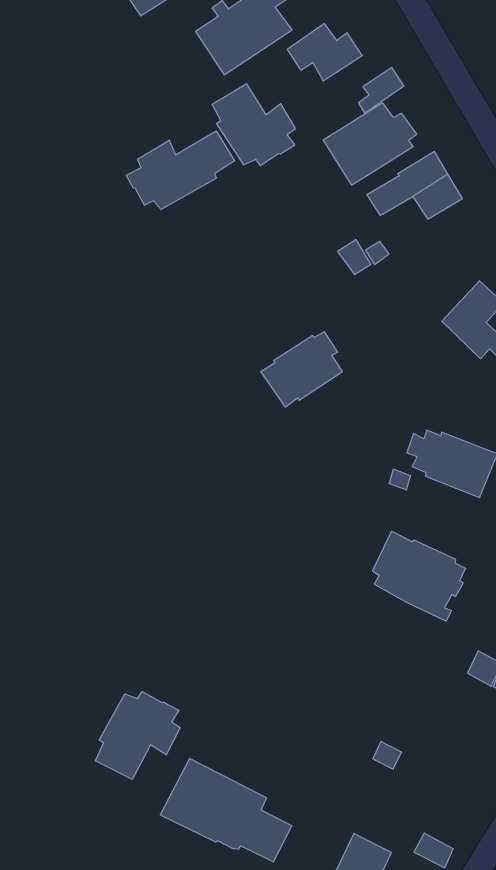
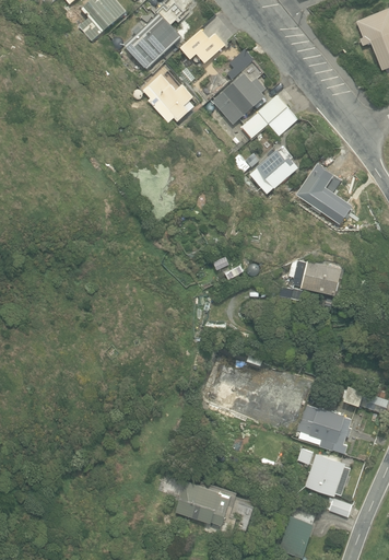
building: [126,131,235,210] -> none
building: [261,332,342,407] -> [249,145,297,194]
building: [373,531,466,621] -> [296,405,351,453]
building: [95,692,180,779] -> none
building: none -> [305,454,350,495]

